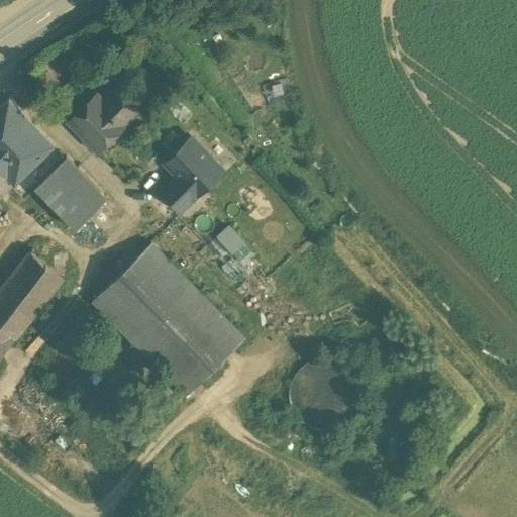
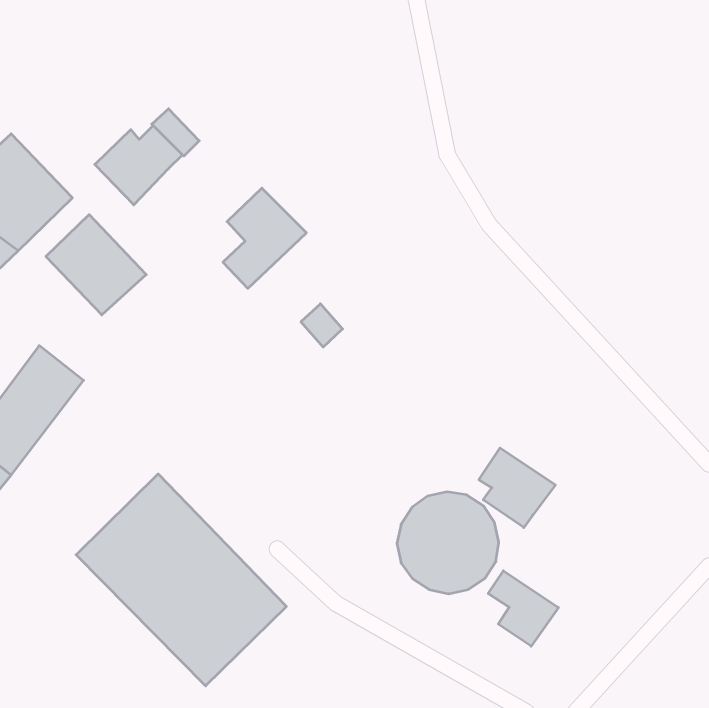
building: [91,244,243,398] -> [76,474,286,686]
building: none -> [479,448,555,528]
building: none -> [488,571,558,646]

